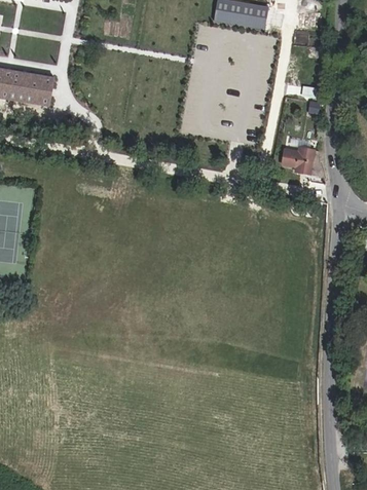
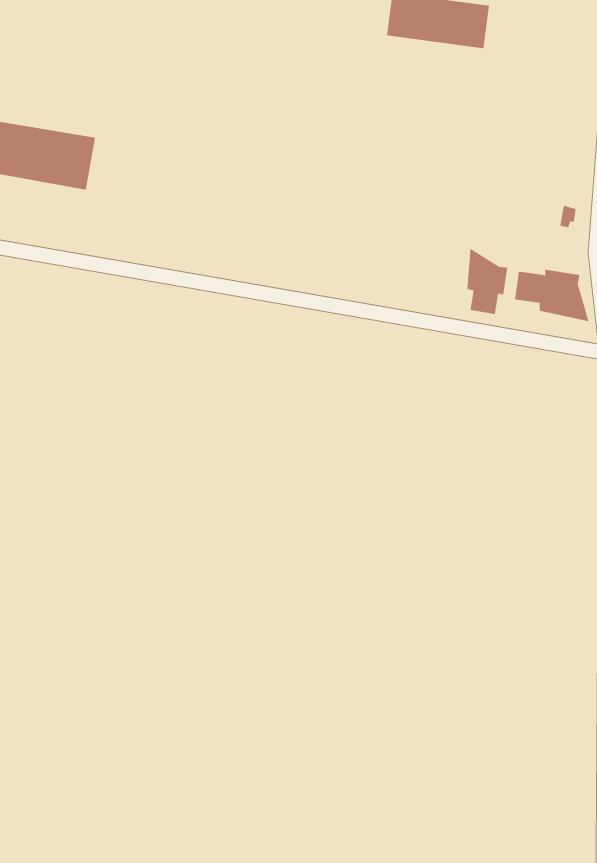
building: none -> [467,248,508,315]

